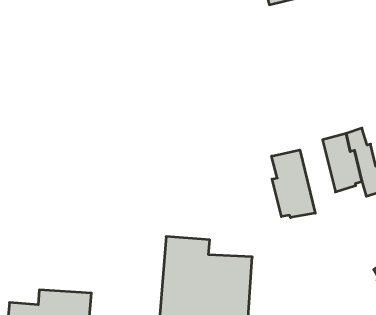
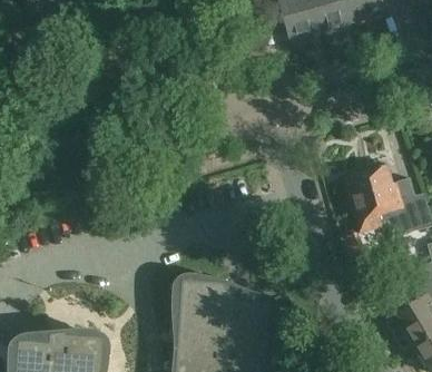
building: [272,150,315,218] -> none

